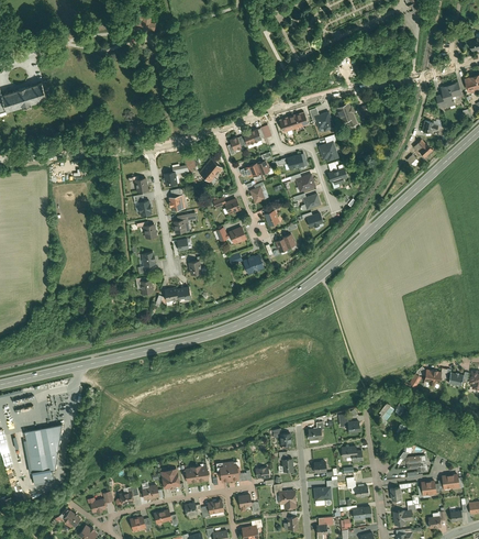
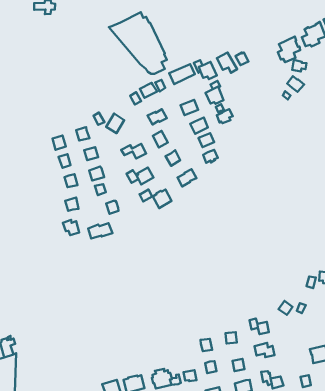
building: none -> [109,12,167,74]
building: none -> [278,36,300,62]

